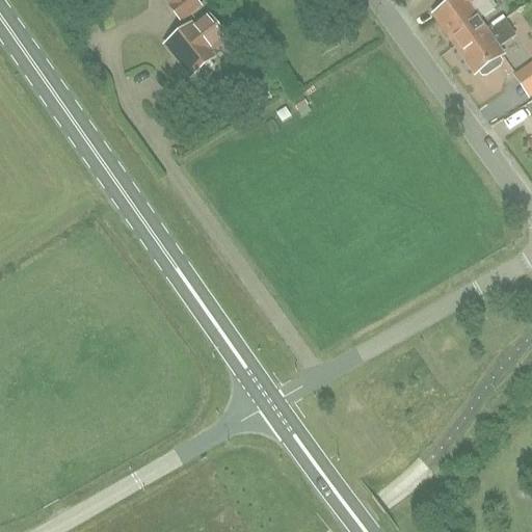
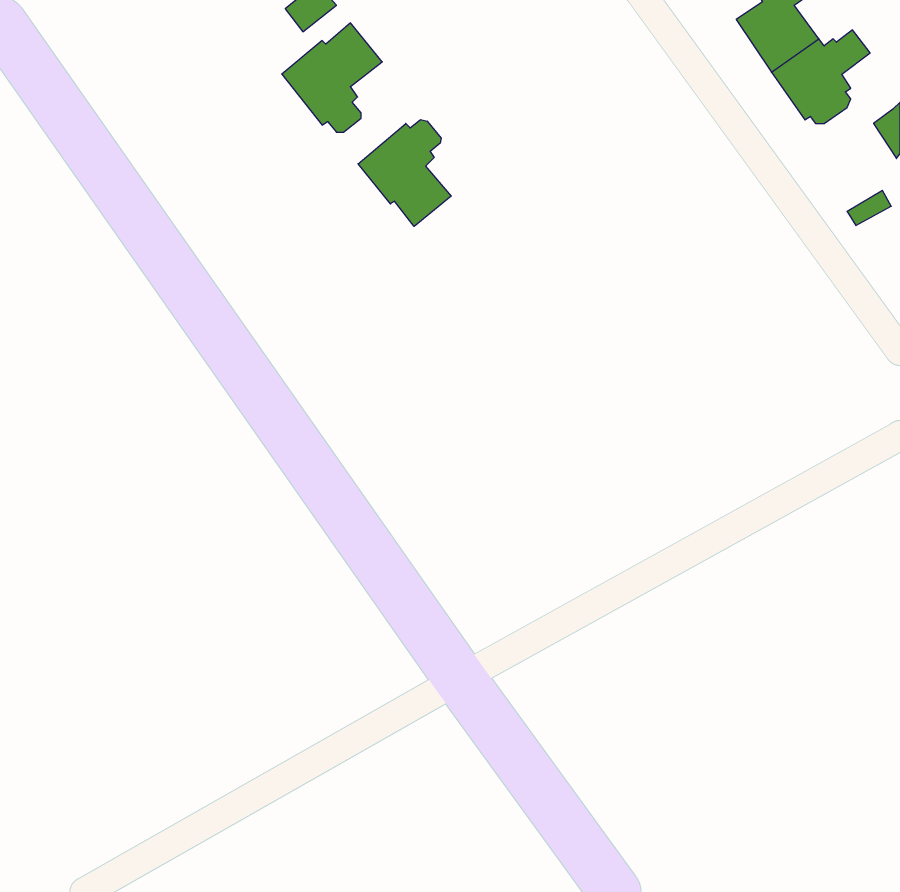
building: none -> [358,120,451,226]

